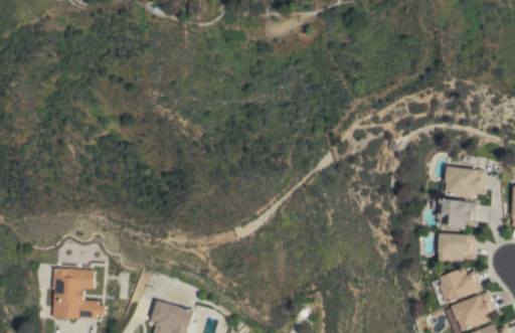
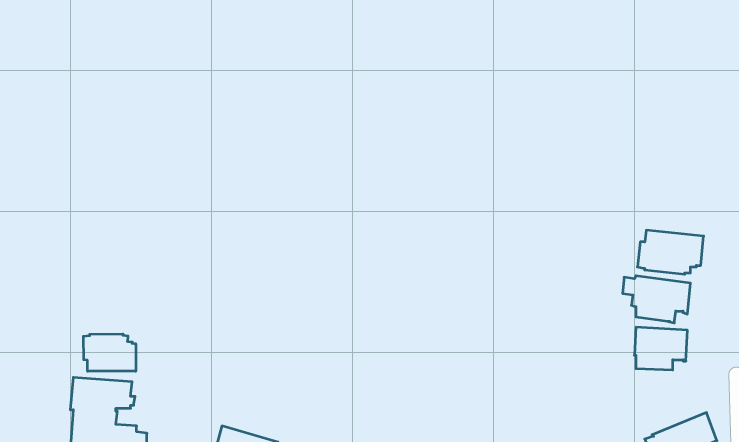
building: none -> [83,334,136,371]
building: [439,267,482,305] -> none

